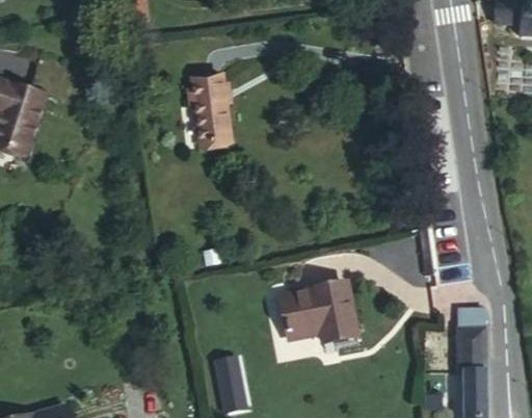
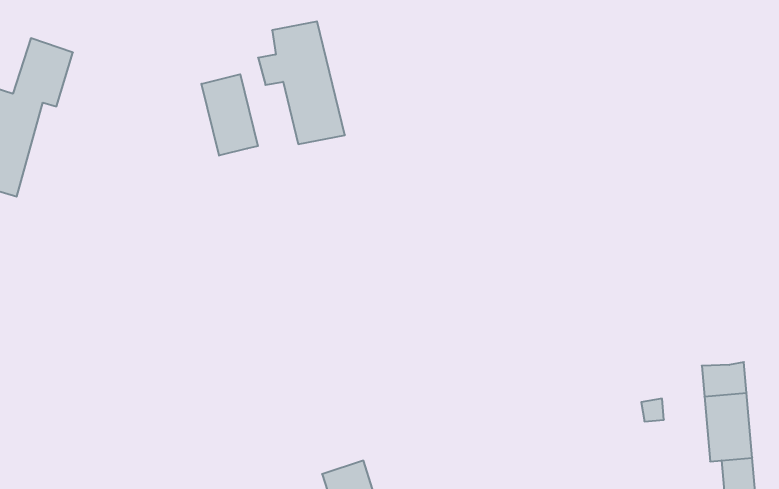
building: none -> [201,74,258,156]
building: [276,283,353,343] -> none

